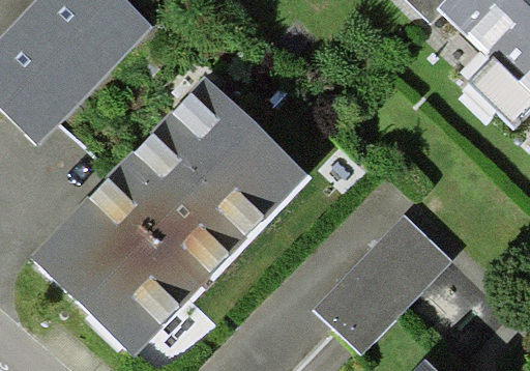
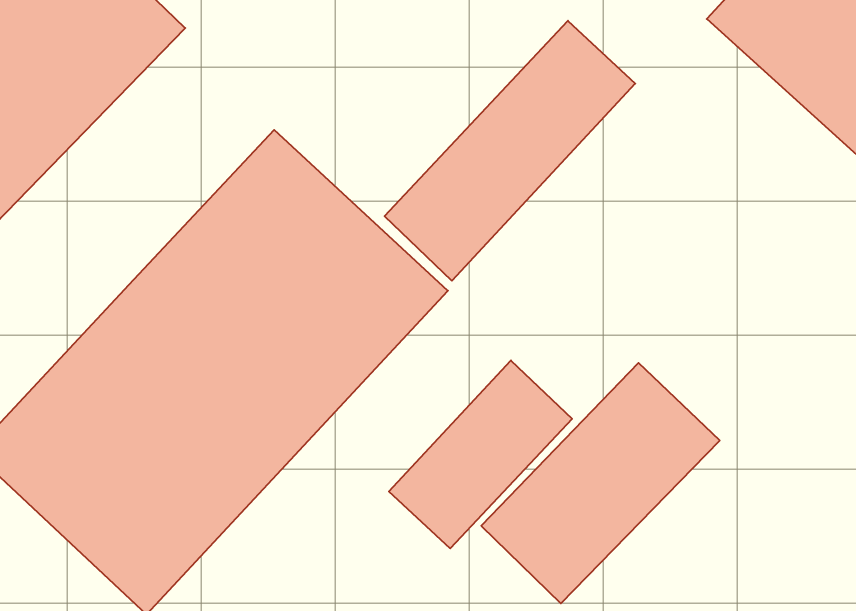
building: none -> [385,21,635,281]
building: none -> [389,360,572,548]

